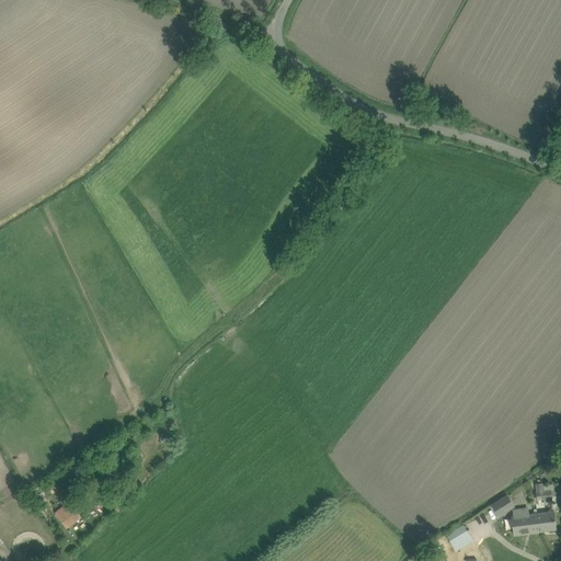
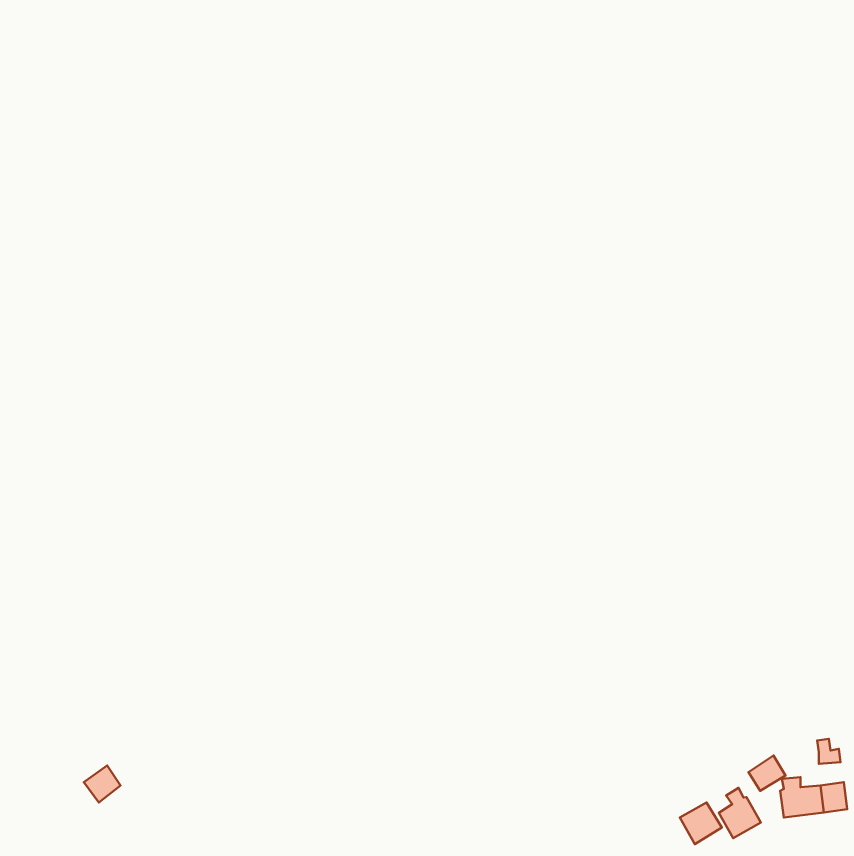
building: none -> [719,788,761,838]

